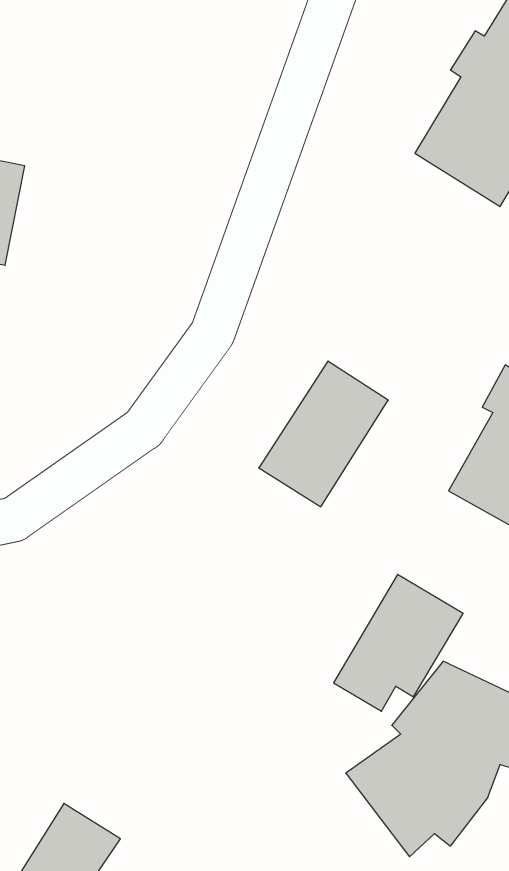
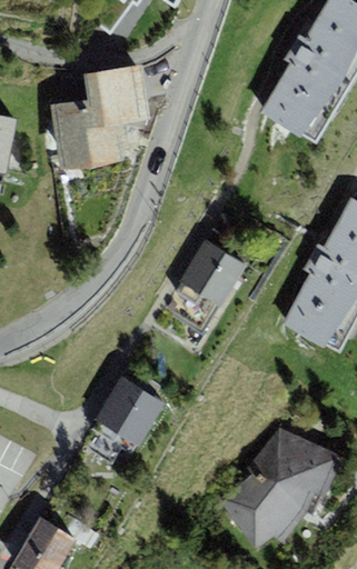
building: none -> [50,63,151,170]
building: [334,574,463,711] -> [82,377,163,462]

